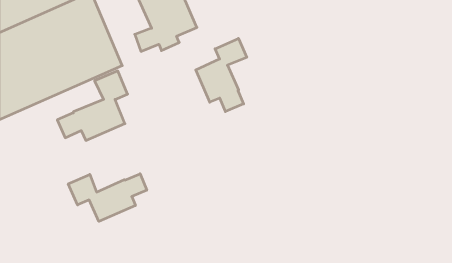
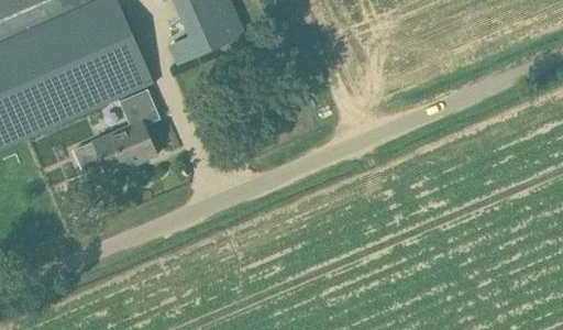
building: [196,38,247,112] -> none
building: [68,174,147,221] -> none

